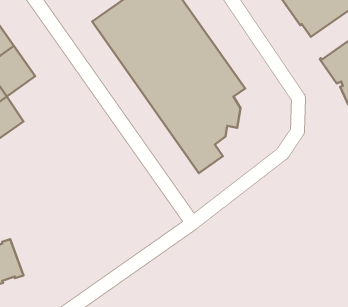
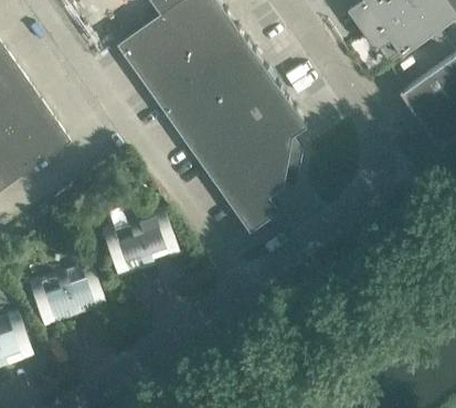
building: none -> [11,111,68,168]
building: none -> [99,210,178,277]
building: none -> [26,261,105,329]

